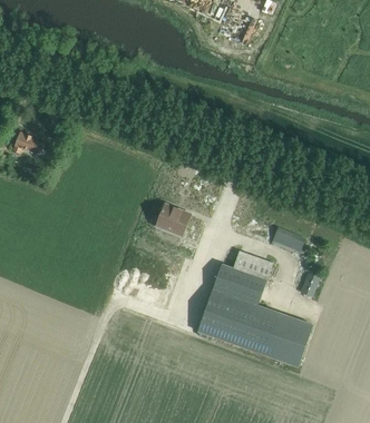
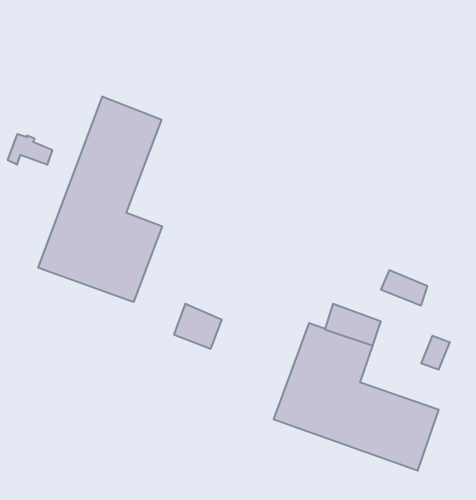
building: none -> [38,96,162,302]
building: [156,204,189,235] -> [174,304,222,349]

